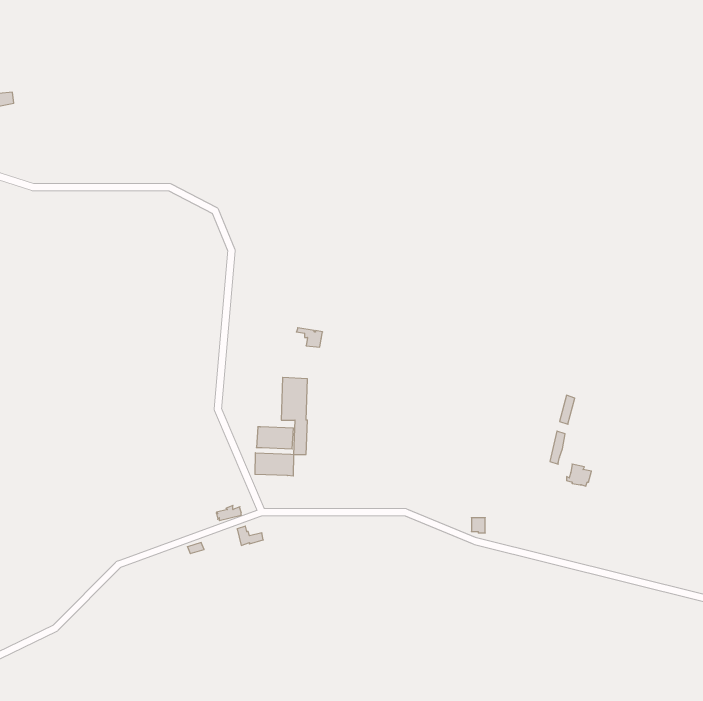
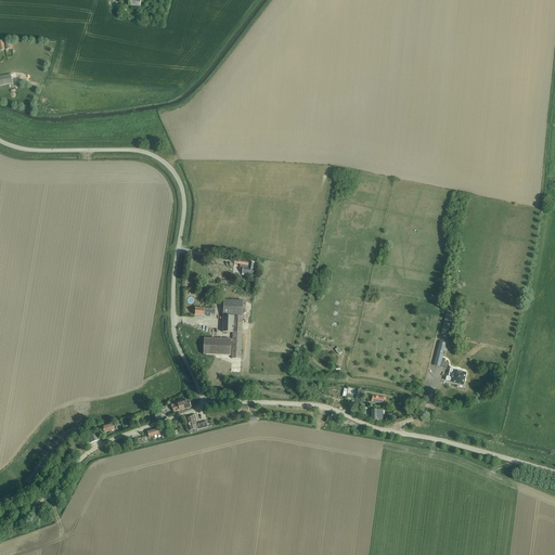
building: [255,453,294,476] -> none

